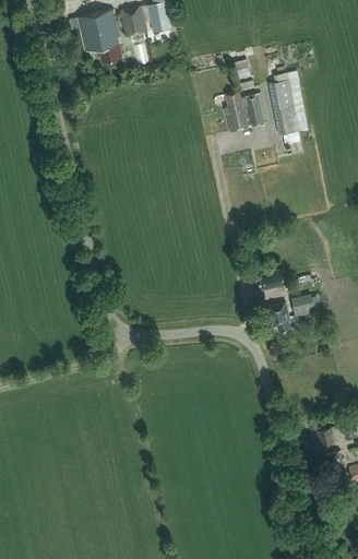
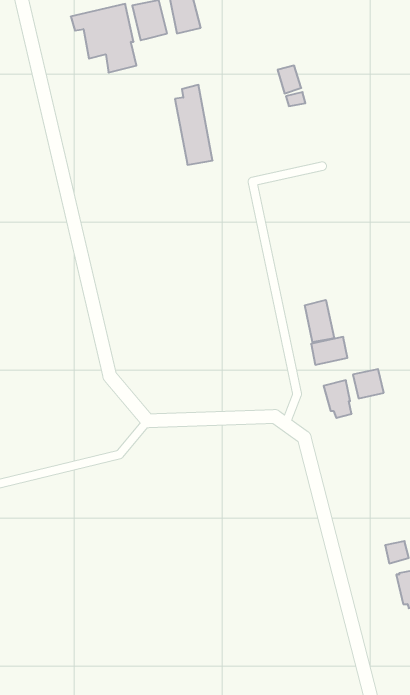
building: [268,73,298,135] -> [175,85,213,165]
building: [225,93,265,132] -> none
building: none -> [305,300,334,342]

